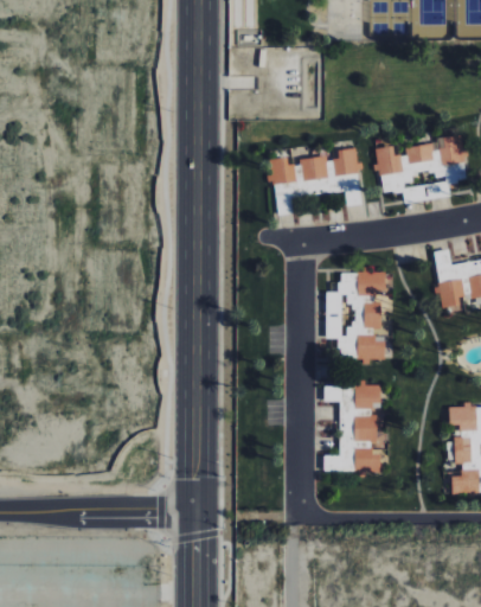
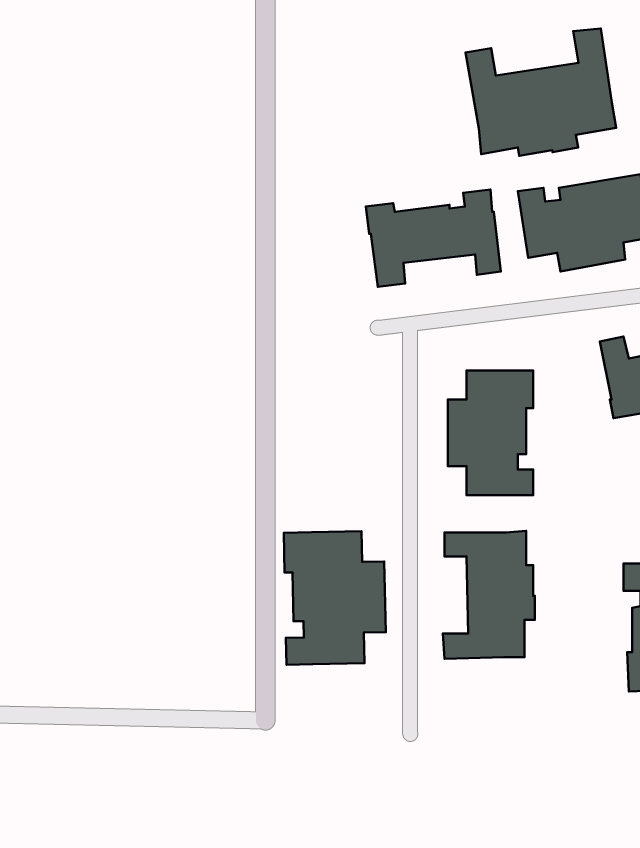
building: none -> [466,28,616,156]
building: none -> [284,531,386,665]

